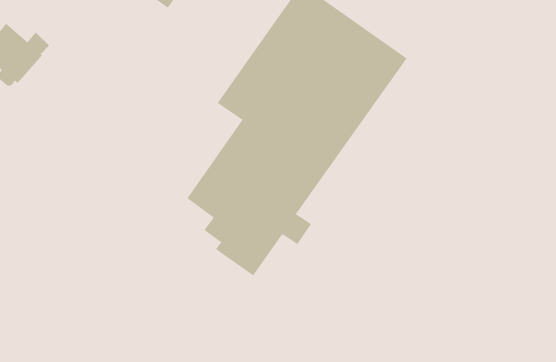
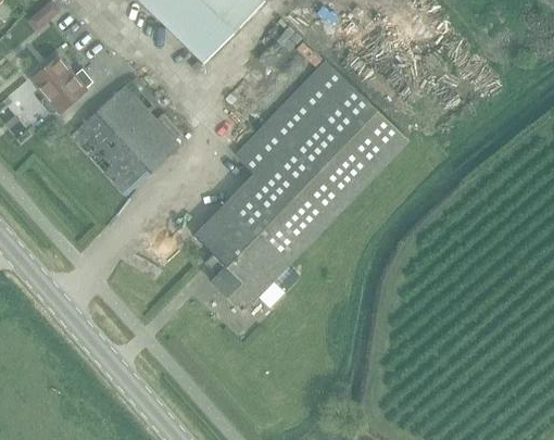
building: none -> [72,87,176,192]

